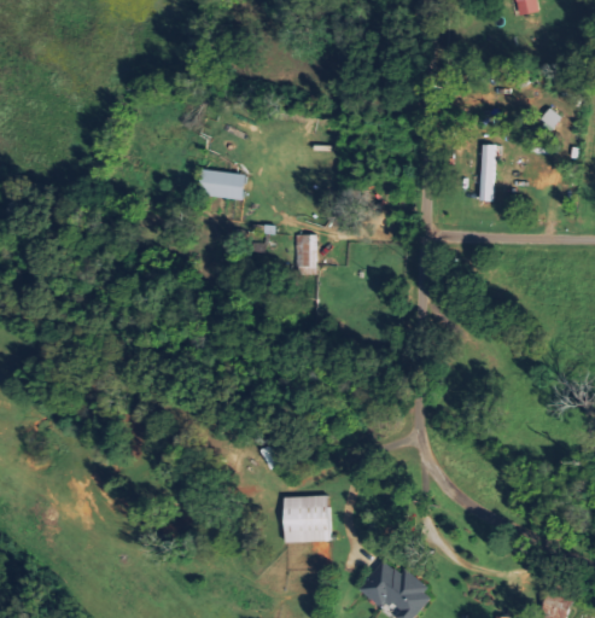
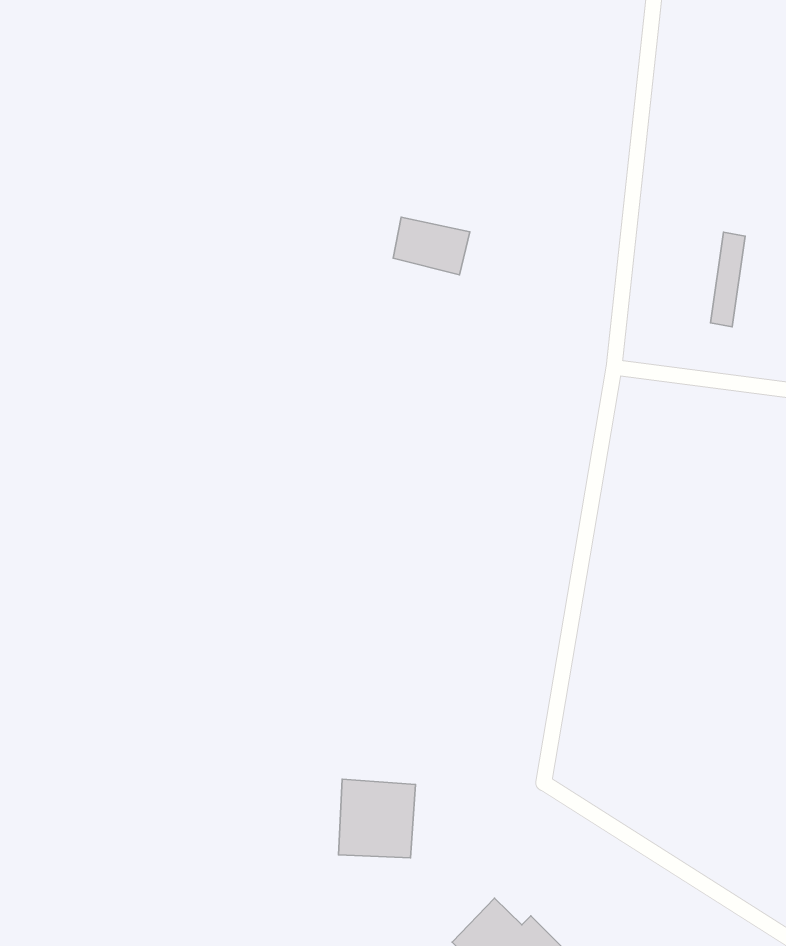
building: [200,169,245,200] -> [393,217,470,275]
building: [293,234,316,267] -> none

